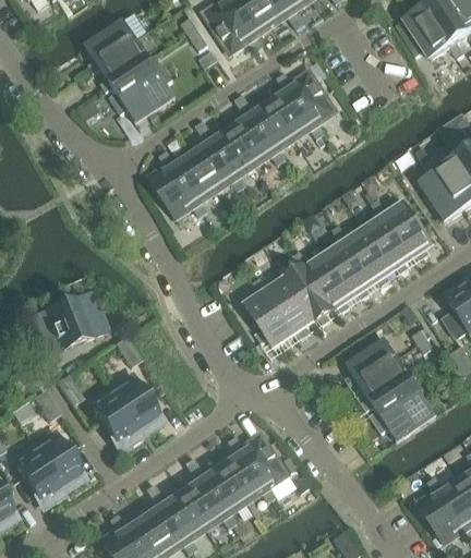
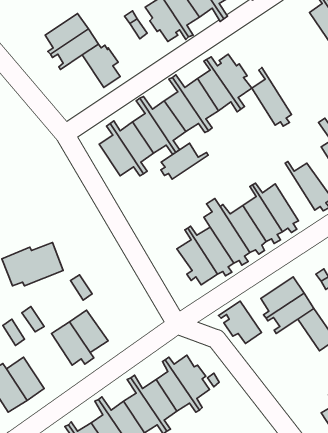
building: [104,70,161,123] -> none
building: none -> [161,143,208,179]
building: [363,201,411,271] -> [252,68,291,126]
building: [364,389,416,440] -> [218,301,262,343]

